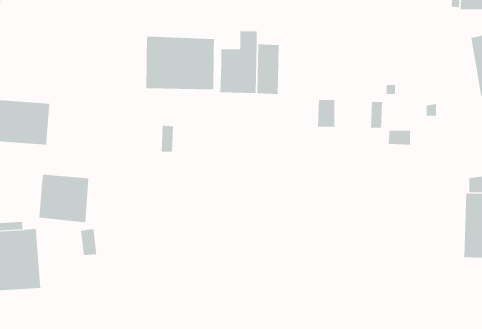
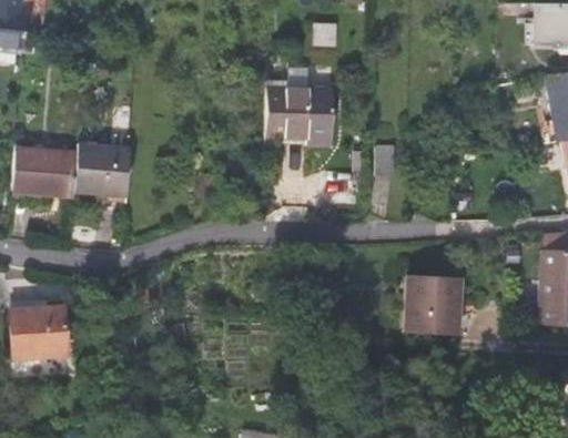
building: [146,36,215,90] -> none
building: [38,174,89,223] -> [74,143,131,197]
building: none -> [407,275,462,337]

